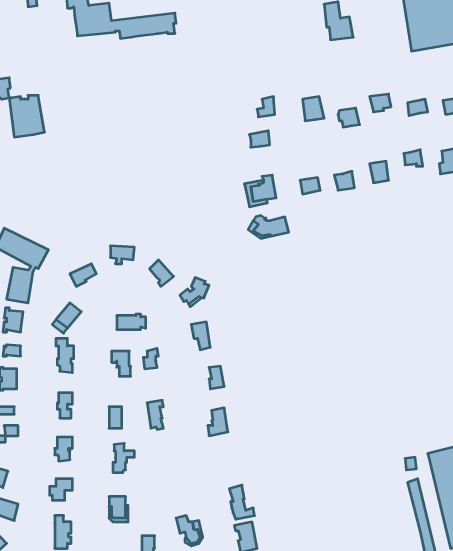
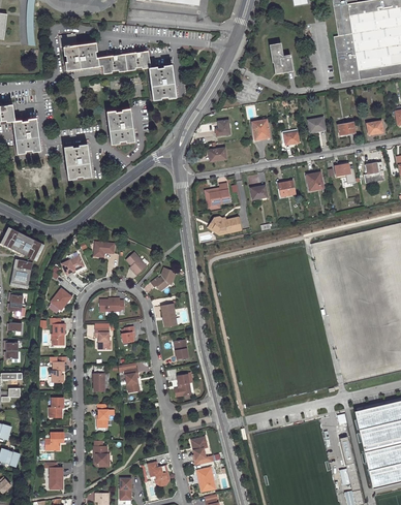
building: none -> [148,65,176,99]
building: none -> [106,109,134,144]
building: none -> [64,145,91,179]

